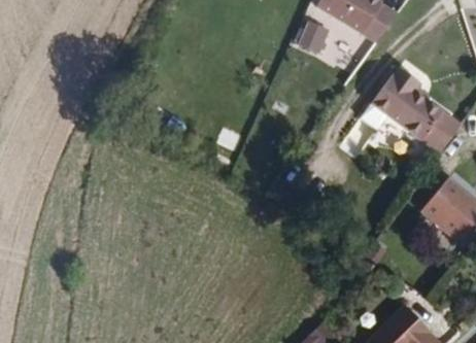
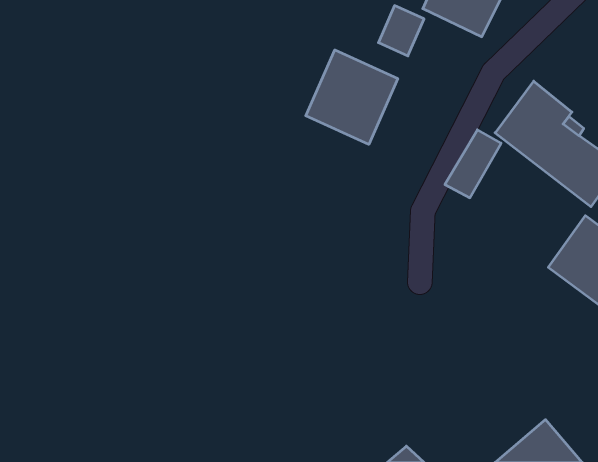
building: none -> [306,50,398,144]

